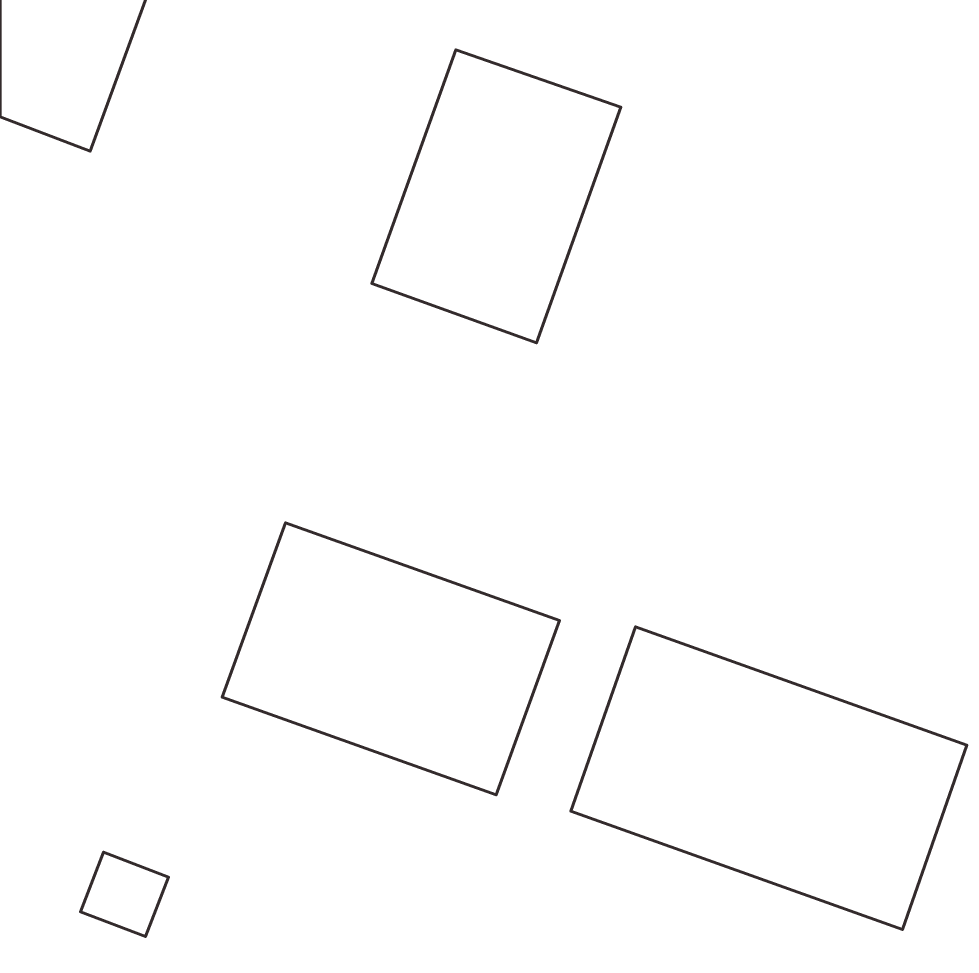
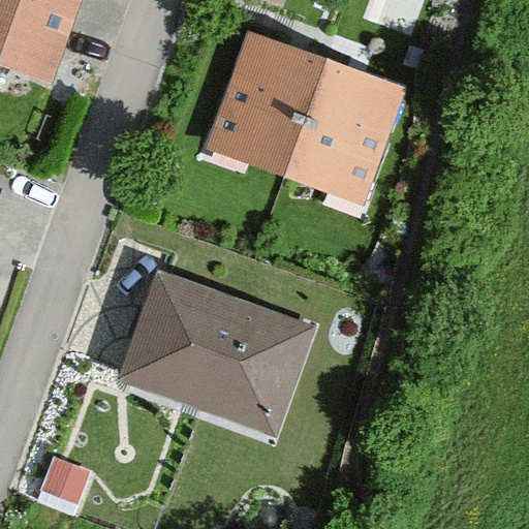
building: none -> [289,58,410,213]
building: [571,627,967,929] -> none

